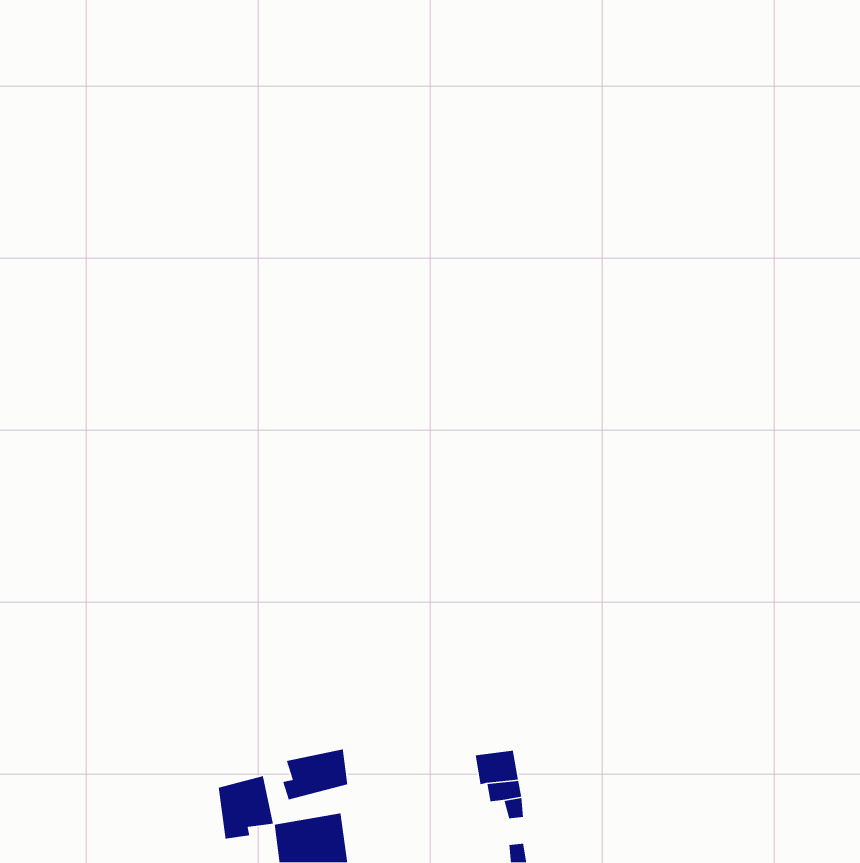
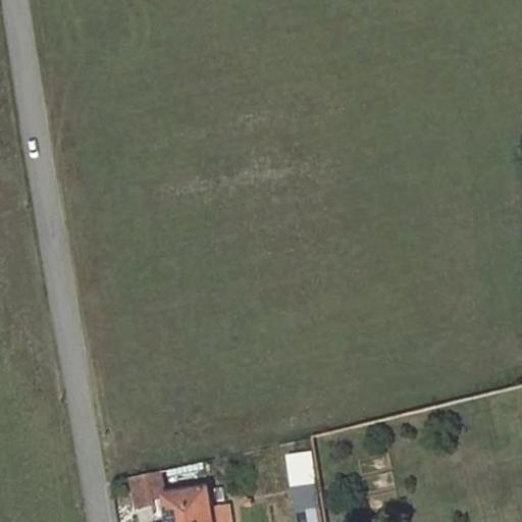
building: [282,748,348,800] -> none

